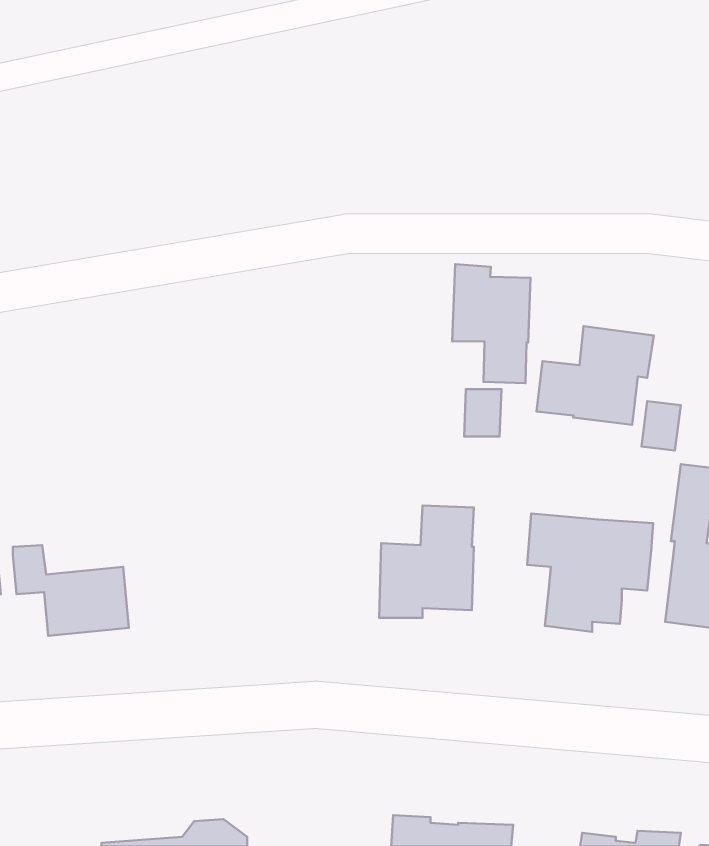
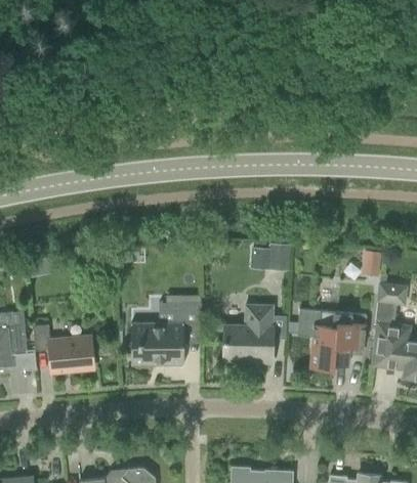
building: [452,264,531,383] -> none
building: [536,326,654,425] -> none
building: none -> [131,303,201,364]

